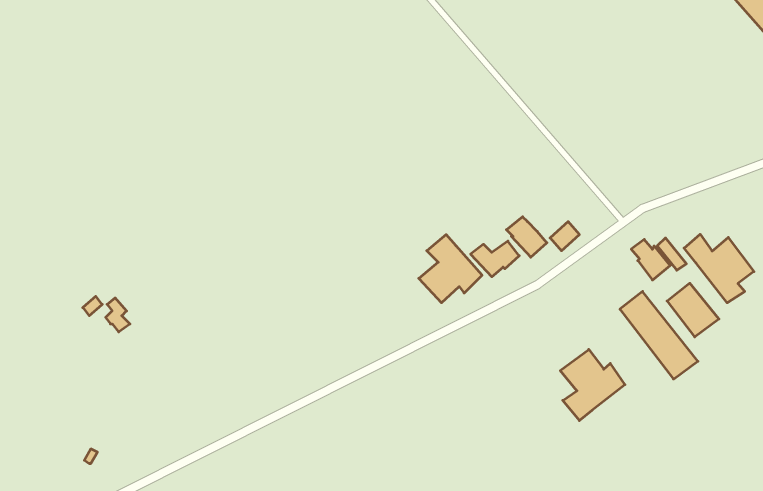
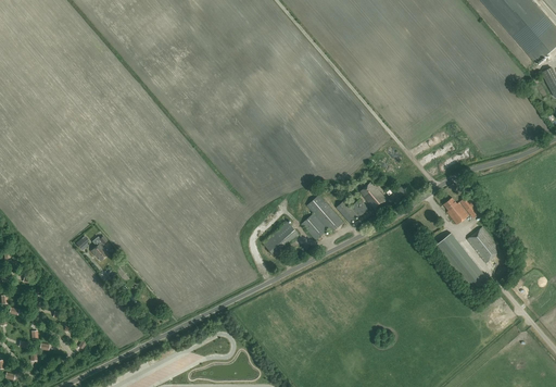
building: [684,234,754,303] -> none
building: none -> [263,221,299,254]
building: [560,349,625,421] -> none

